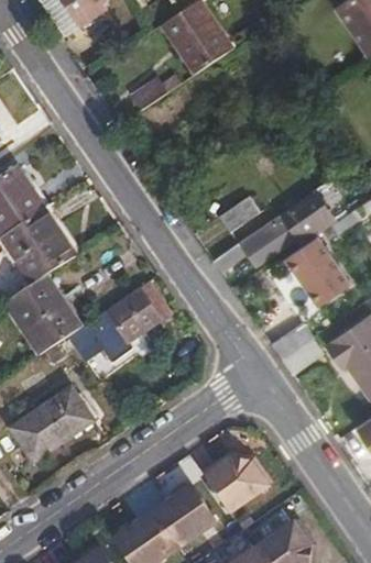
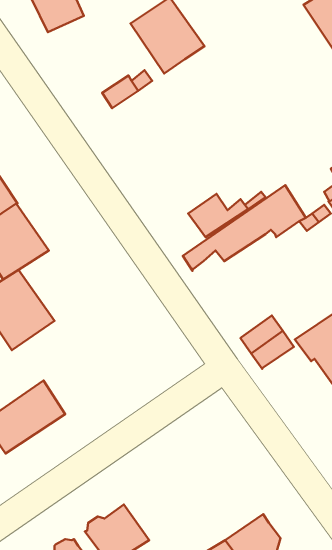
building: [285,242,349,306] -> none
building: [86,280,172,363] -> none
building: [205,457,269,511] -> none
building: [153,484,218,548] -> none

